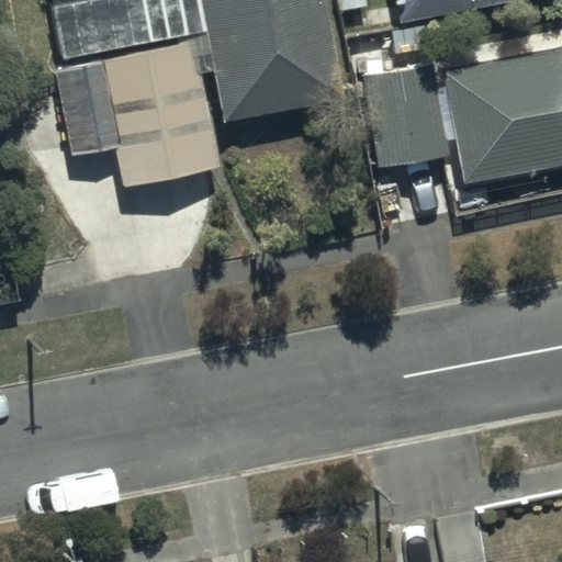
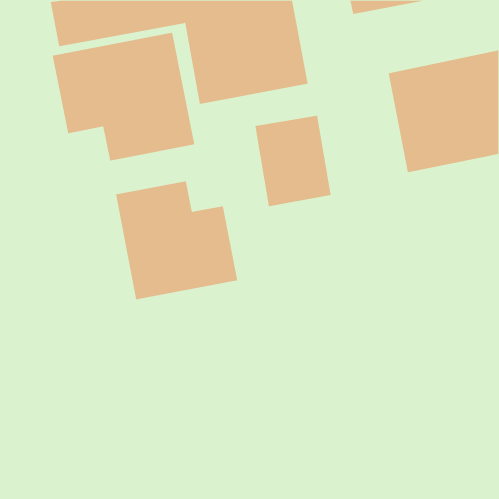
building: [358,77,445,180] -> [255,115,332,207]
building: none -> [115,180,238,300]

